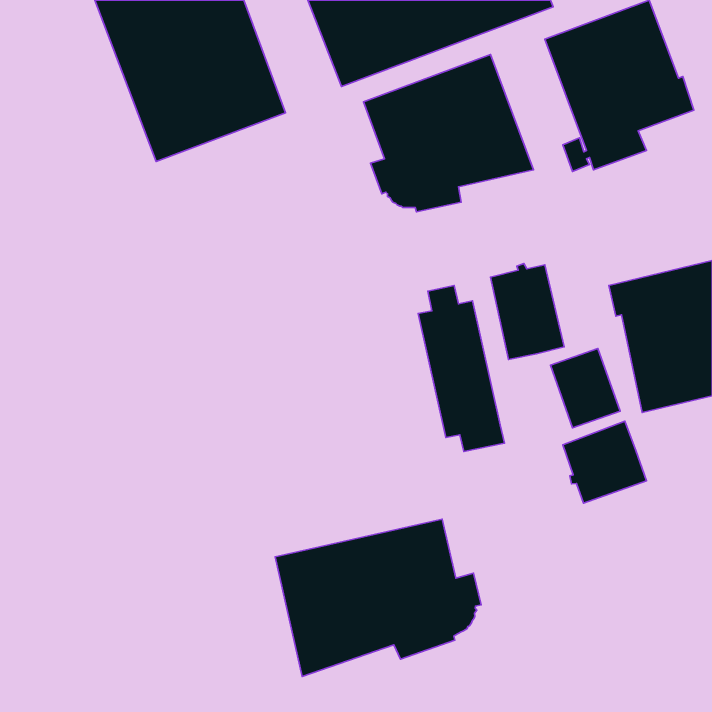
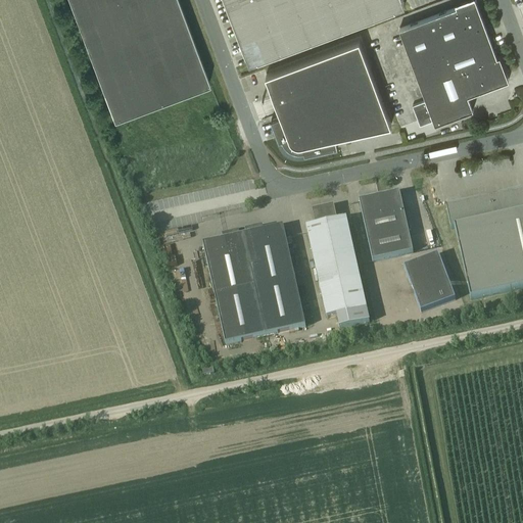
building: none -> [203,229,306,347]
building: [563,421,646,503] -> none
building: [275,519,481,676] -> none

